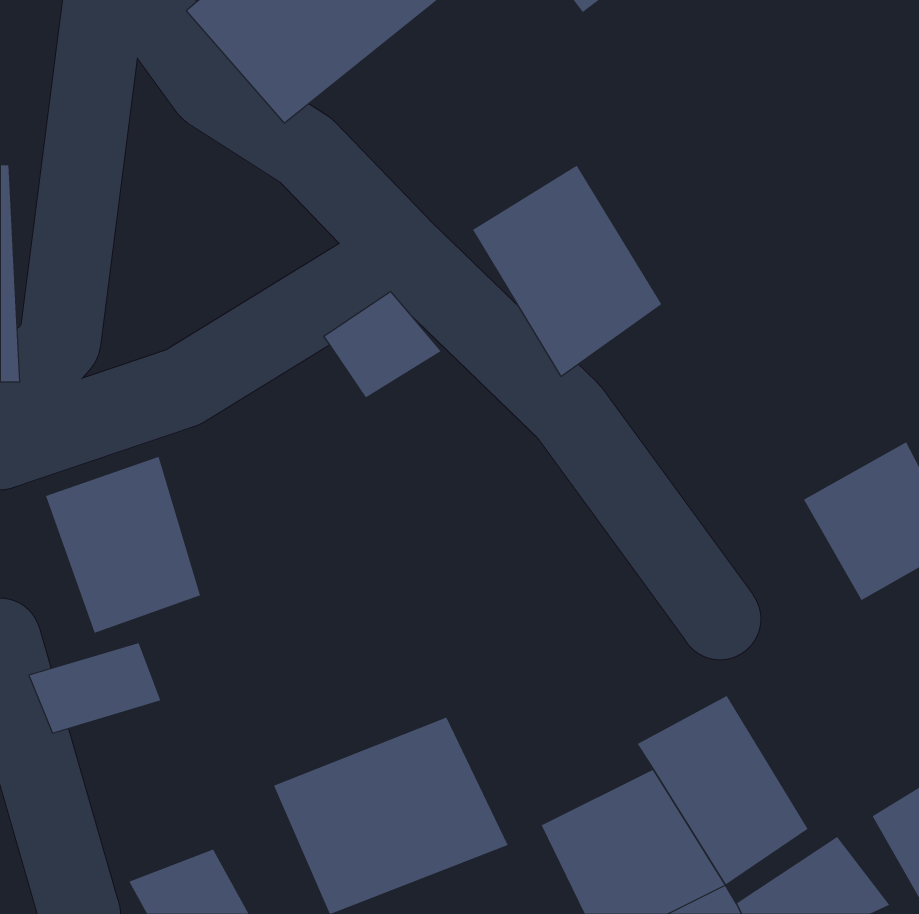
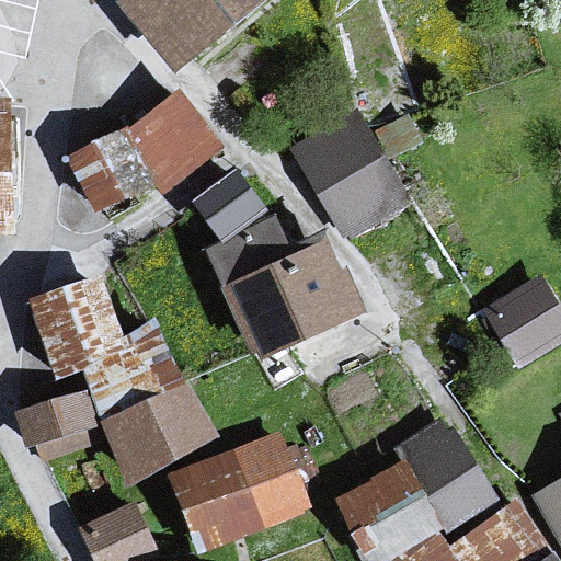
building: none -> [59,94,220,218]
building: none -> [222,238,360,358]
building: none -> [108,375,222,488]

